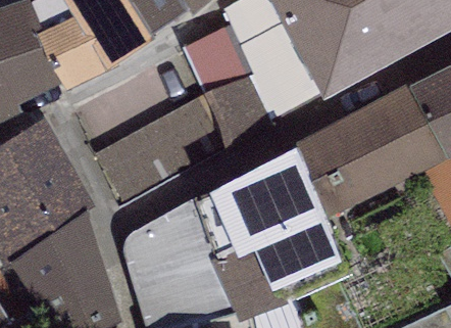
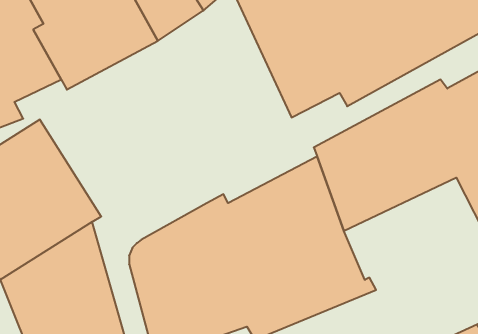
building: [94,72,272,200] -> none

